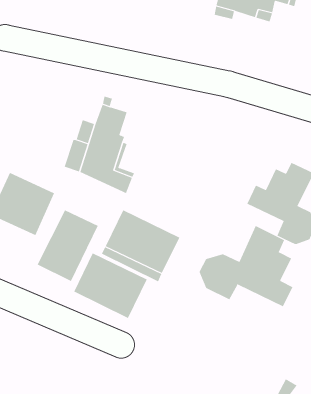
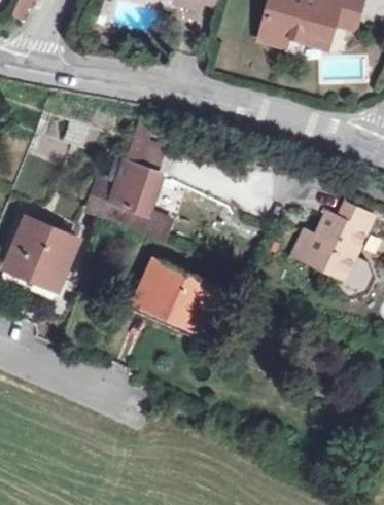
building: [37,209,99,282] -> none
building: [199,225,293,307] -> none
building: [74,252,148,319] -> none

